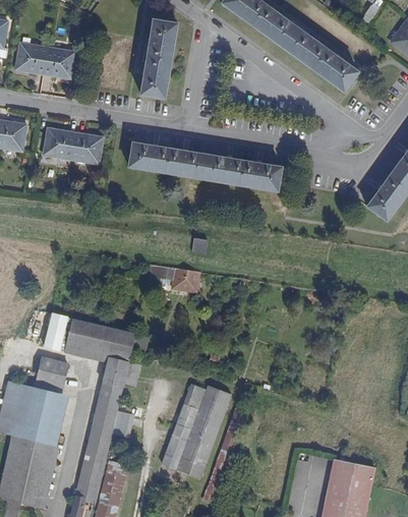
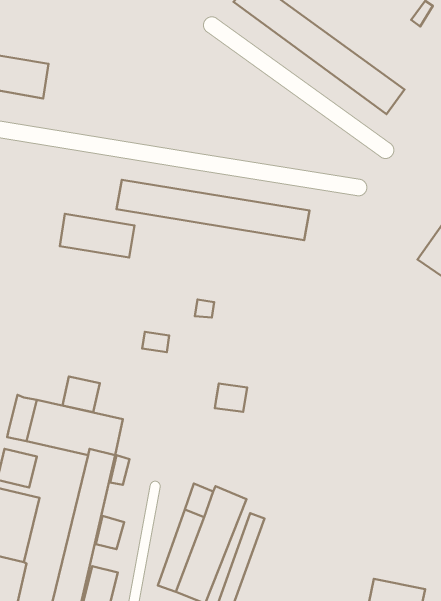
building: [141,19,177,97] -> none
building: [44,128,103,163] -> [60,214,134,258]
building: [172,267,197,289] -> [215,384,247,412]
building: none -> [62,377,100,412]

